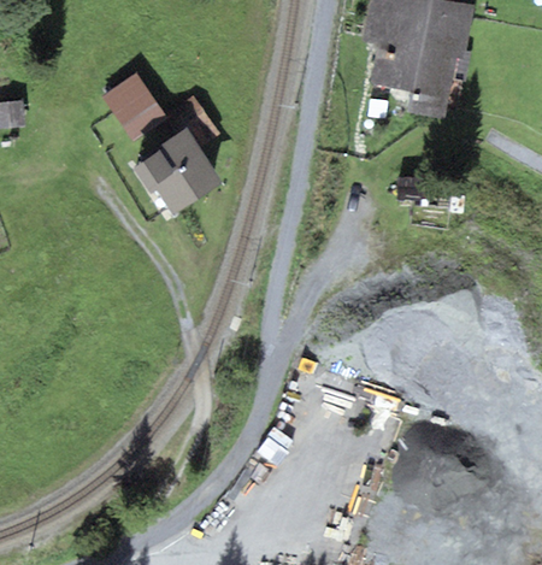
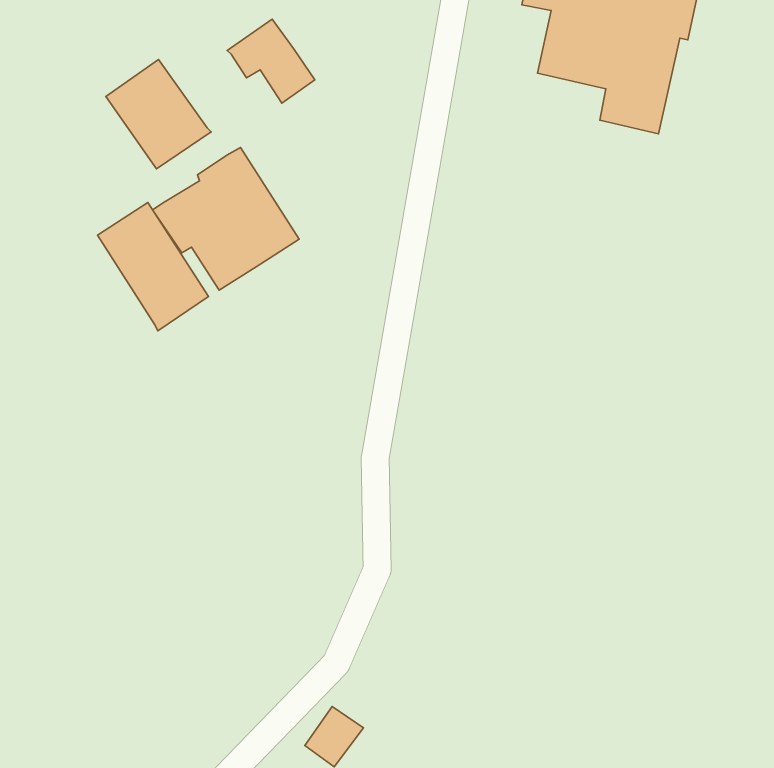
building: [165,95,219,147] -> [227,19,315,103]
building: none -> [98,203,209,331]

